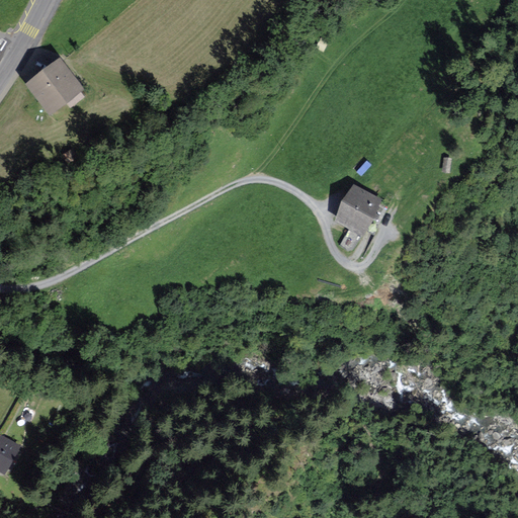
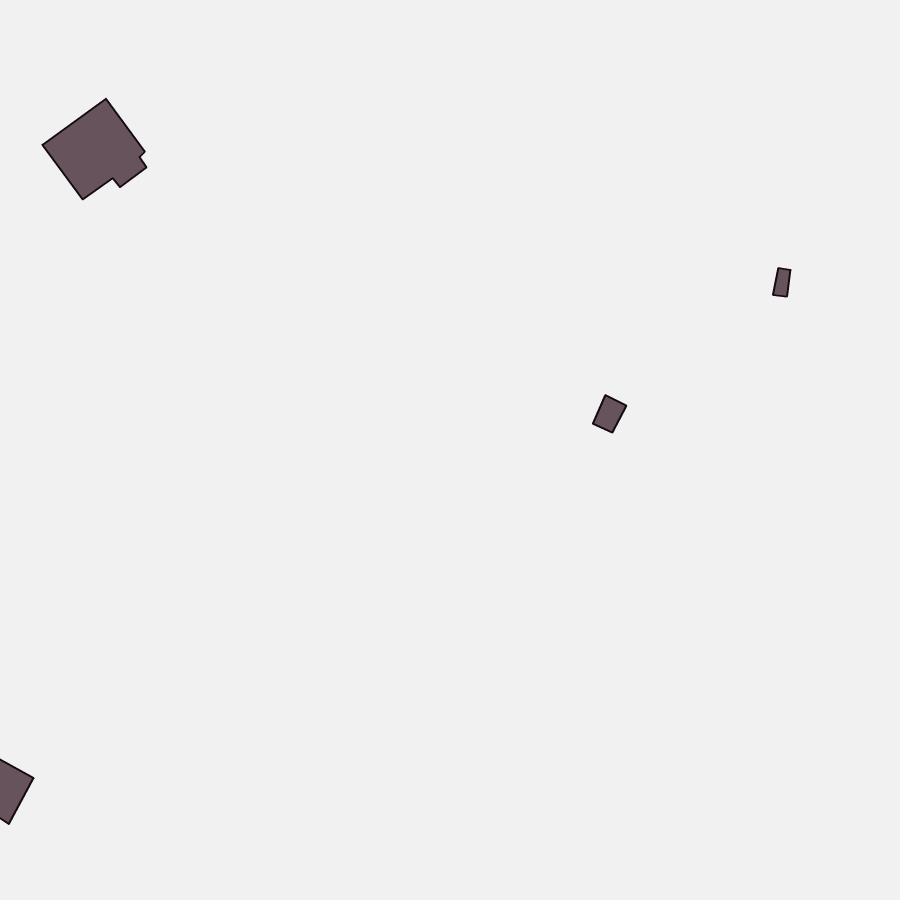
building: [332,182,381,232] -> none

